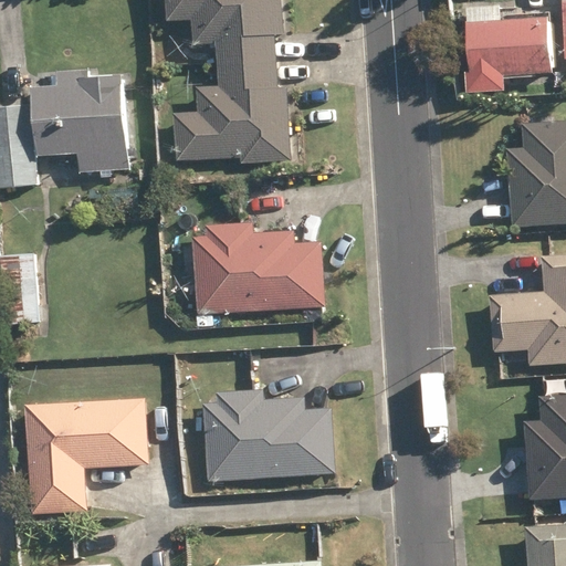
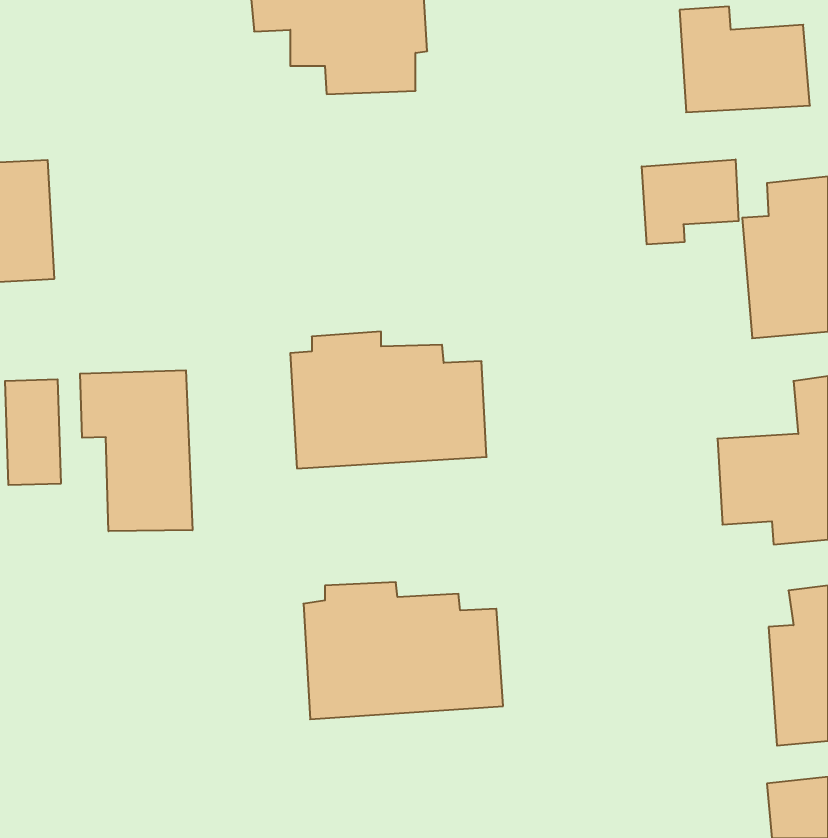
building: [175,61,291,161] -> none
building: [39,71,130,170] -> none
building: none -> [642,159,739,244]
building: none -> [80,370,192,531]
building: [28,398,150,513] -> none

